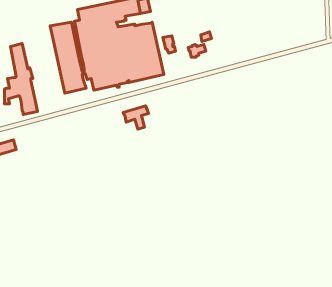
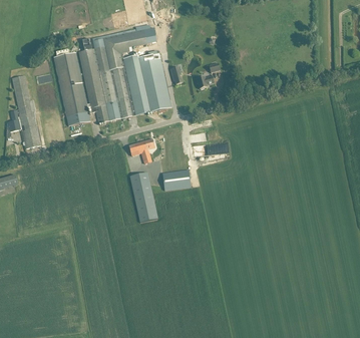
building: none -> [161,170,190,191]
building: none -> [129,172,157,222]

